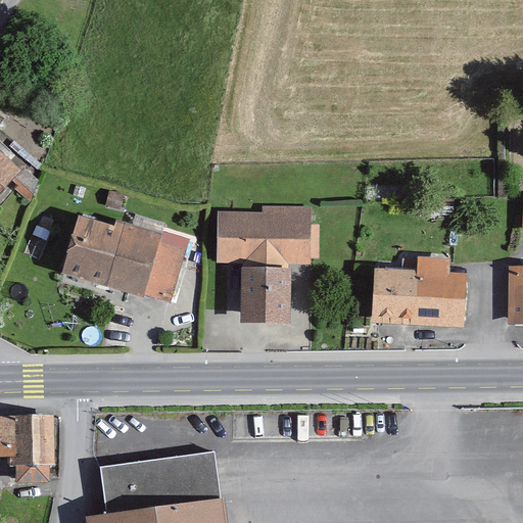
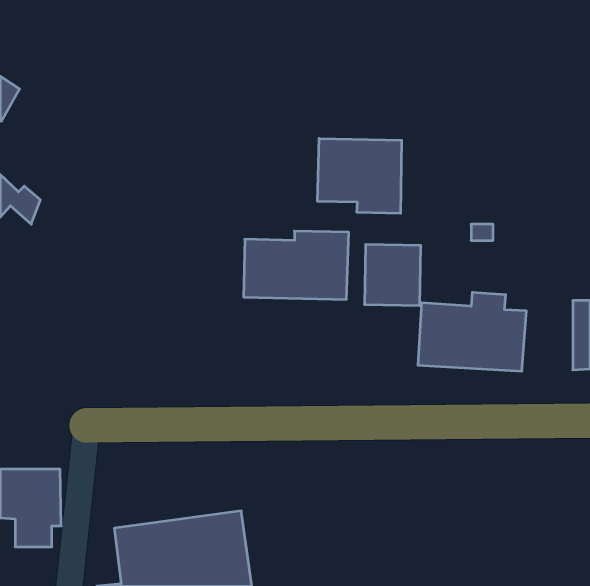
building: none -> [318,138,402,213]
building: [62,217,185,302] -> none
building: [240,270,290,324] -> [364,244,421,306]

